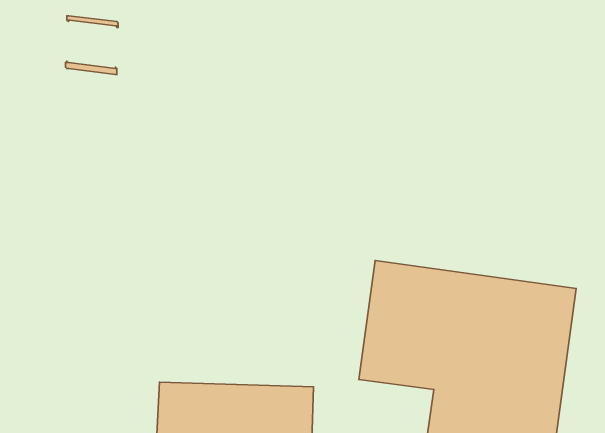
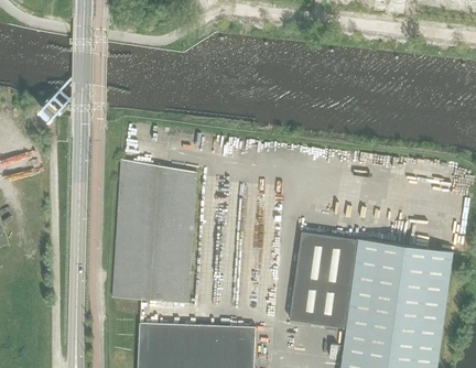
building: none -> [113,160,197,300]

